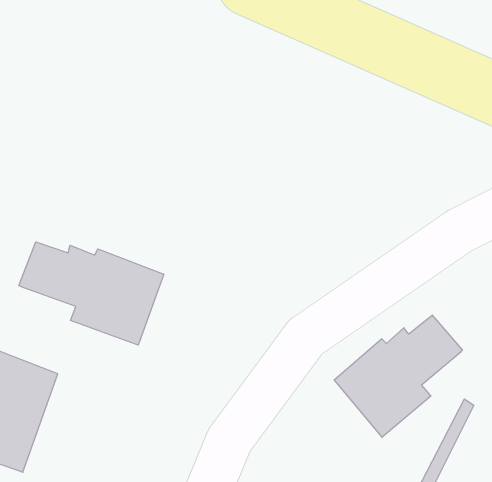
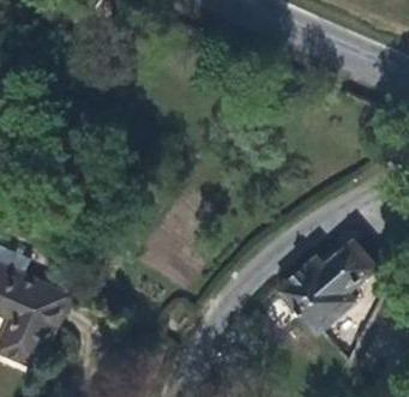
building: [19,242,164,345] -> none

